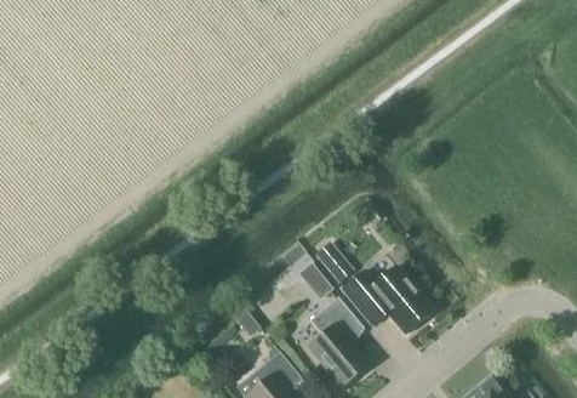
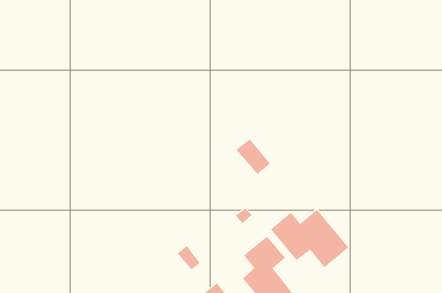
building: [313,240,354,283] -> [235,138,271,175]

